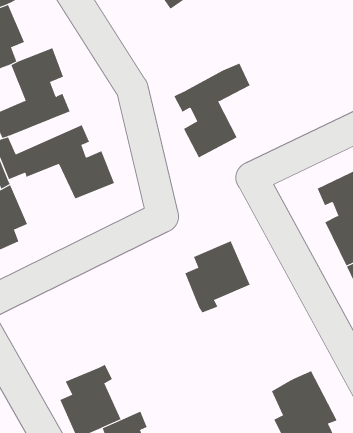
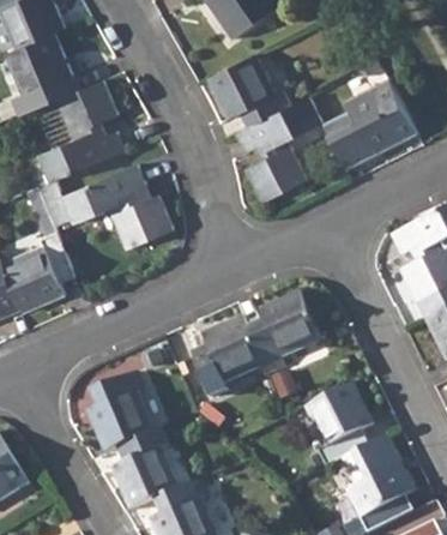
building: none -> [207,53,290,127]
building: none -> [324,79,417,170]
building: none -> [192,317,264,397]
building: none -> [85,373,153,455]
building: none -> [306,384,374,468]

